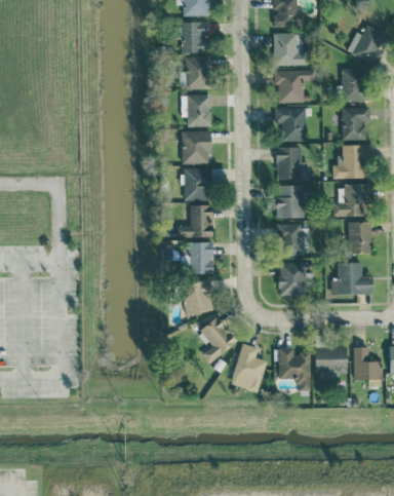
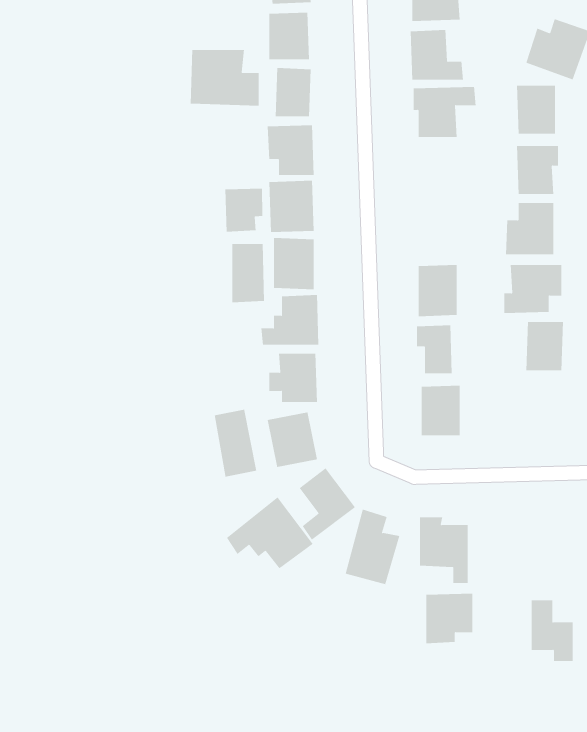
building: none -> [190,49,259,106]
building: [273,108,305,142] -> none
building: none -> [225,188,263,233]
building: [276,147,301,180] -> none
building: none -> [232,243,264,303]
building: [330,263,372,295] -> none
building: none -> [214,409,257,477]
building: none -> [226,496,313,569]
building: [316,347,347,380] -> [425,593,473,644]
building: [353,347,381,387] -> [531,600,574,662]

